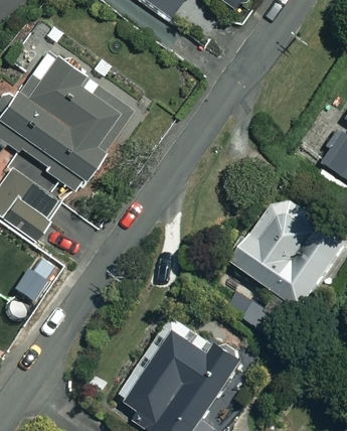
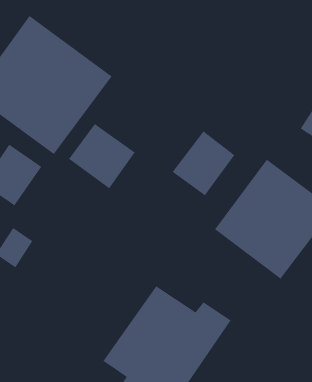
building: none -> [68,123,136,189]
building: none -> [172,131,235,196]

